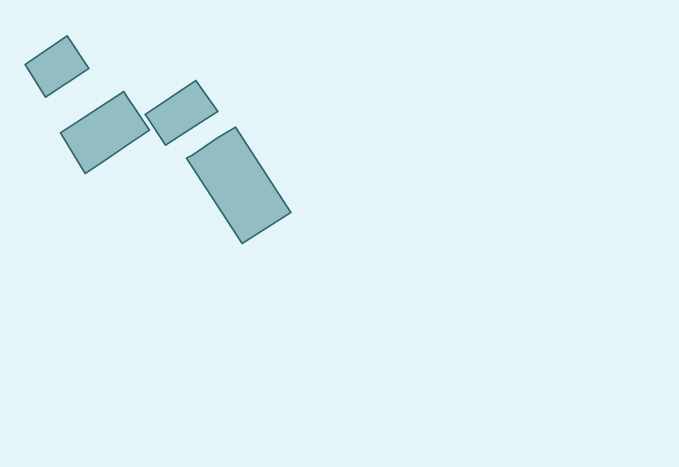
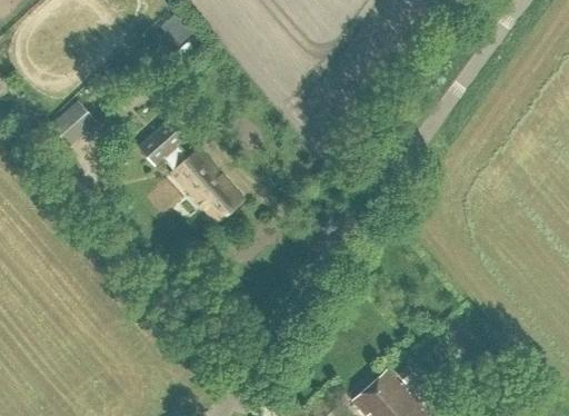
building: [60,92,149,174] -> none

